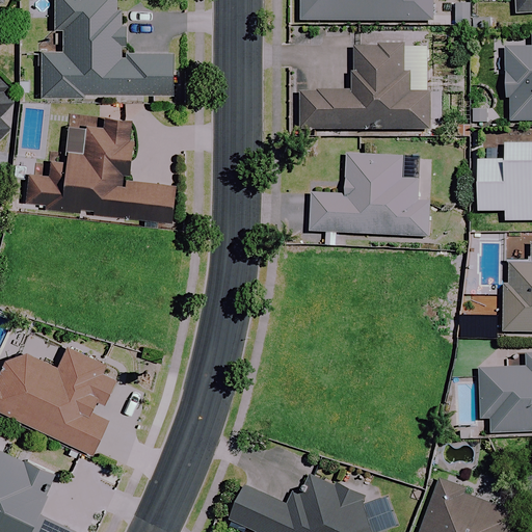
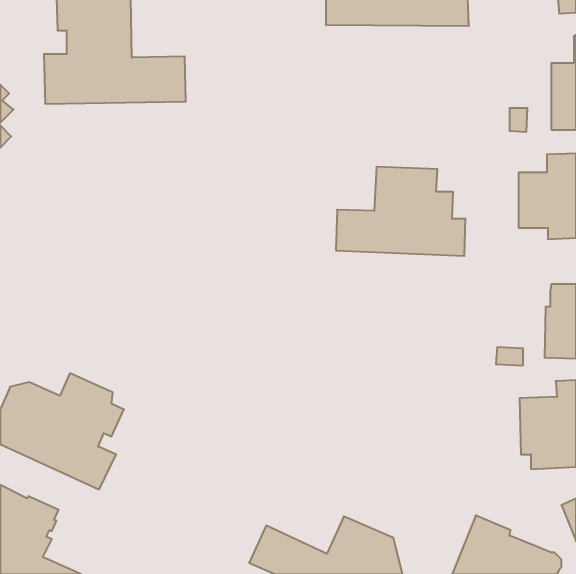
building: [297,44,431,129] -> none
building: [26,115,175,222] -> none

